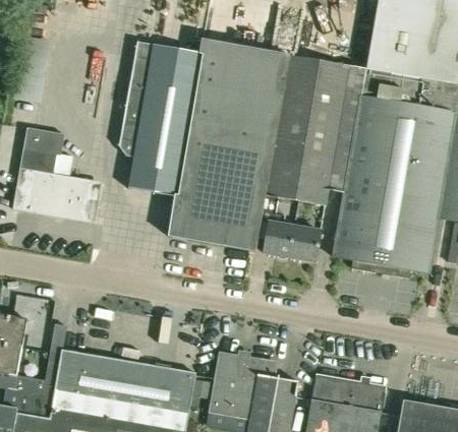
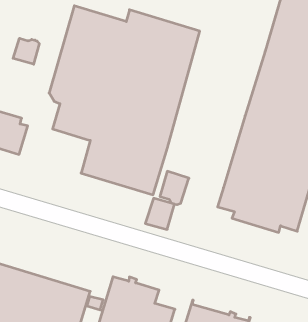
building: [266,53,366,205] -> none
building: none -> [13,38,39,64]
building: [289,227,321,261] -> [145,198,175,229]

